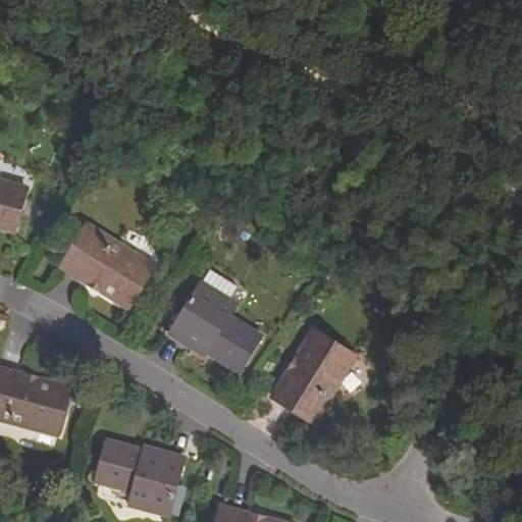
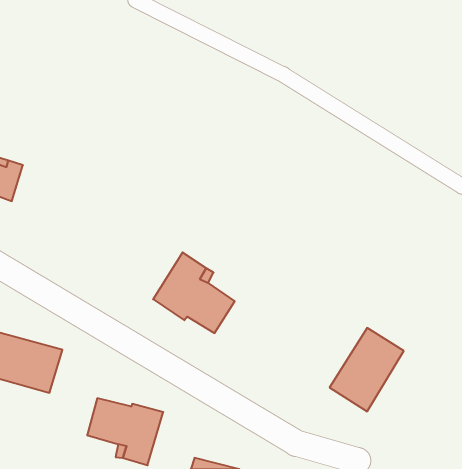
building: [61,221,154,305] -> none
building: [270,330,353,423] -> [330,328,404,411]

